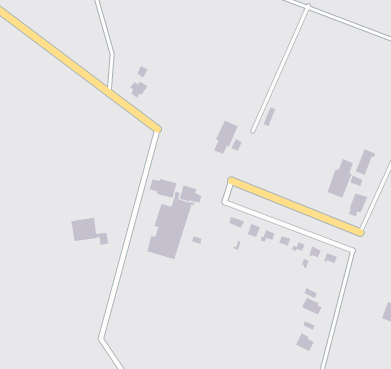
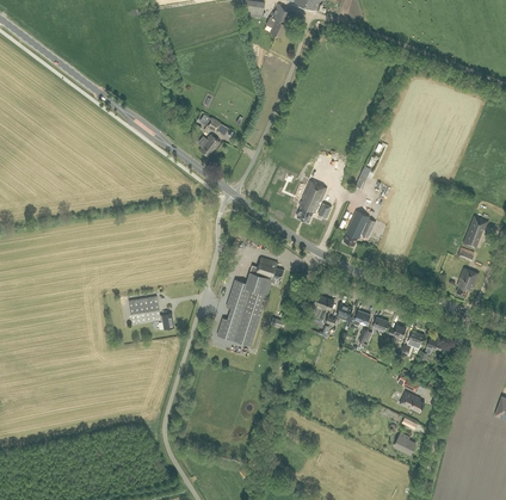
building: none -> [343,210,375,246]
building: [327,158,353,199] -> none
building: [149,178,177,198] -> none

